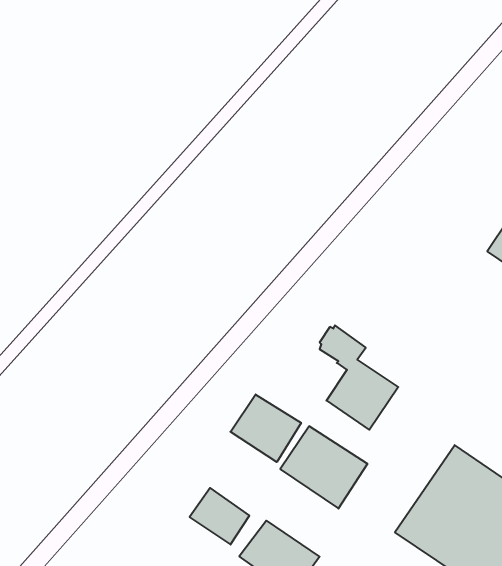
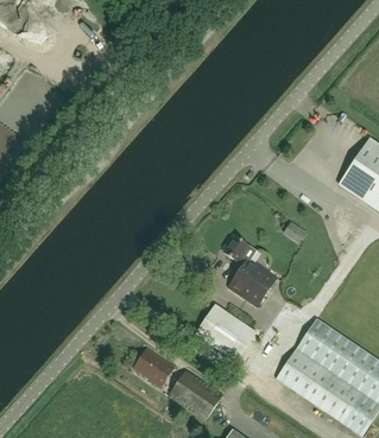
building: [230,394,301,462] -> none

